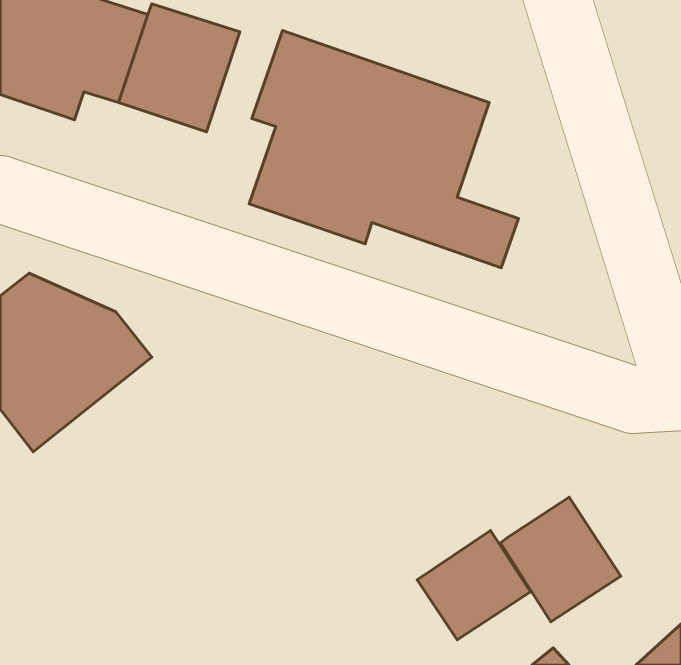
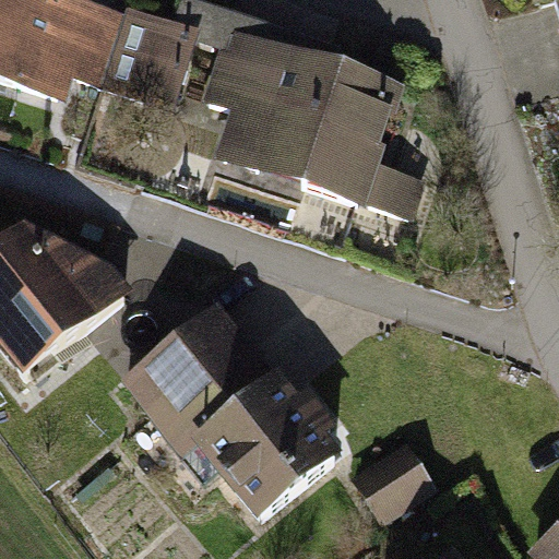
building: none -> [128,309,334,511]
building: [500,497,621,622] -> none

